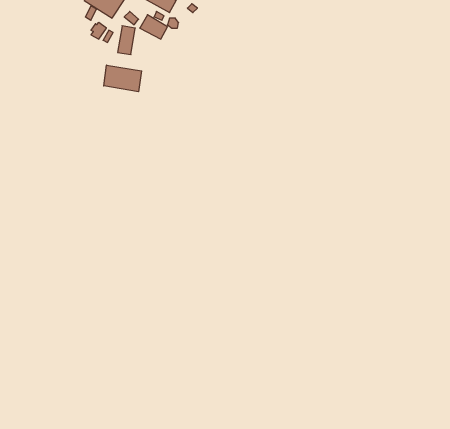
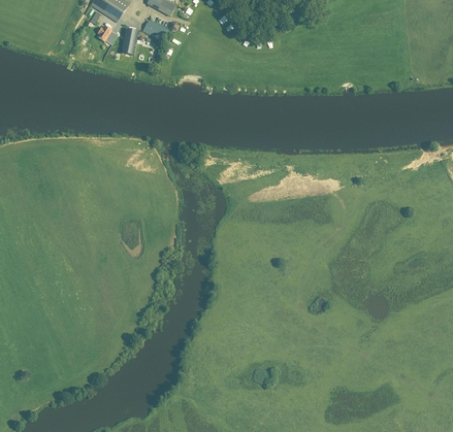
building: [104,65,142,92] -> none

